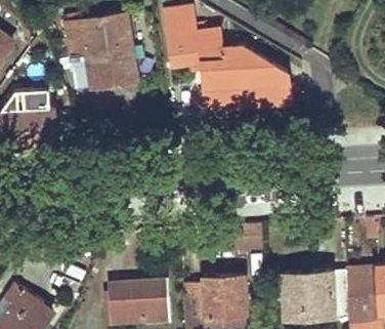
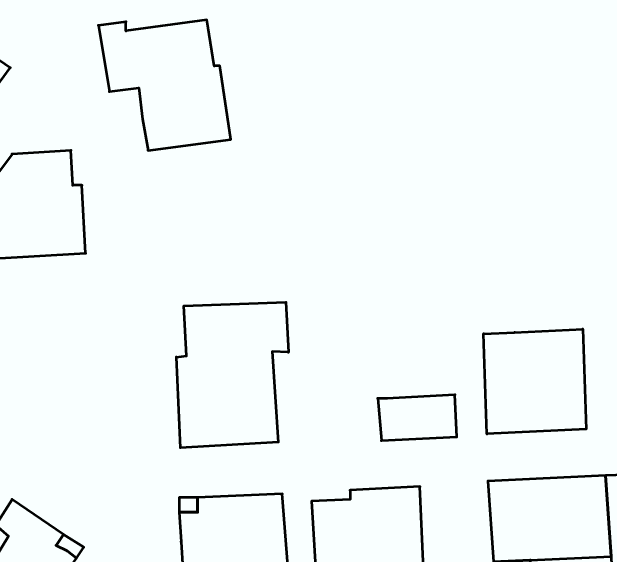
building: [164,8,292,107] -> none
building: none -> [176,302,288,448]
building: none -> [484,329,586,434]

